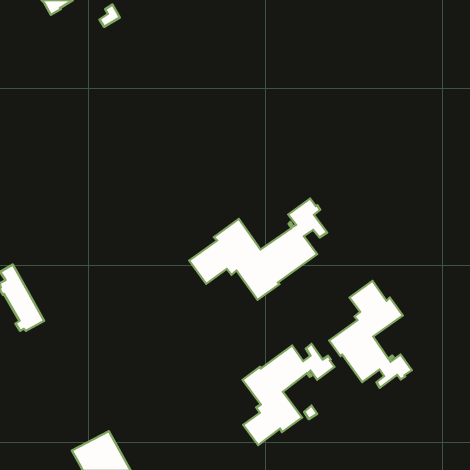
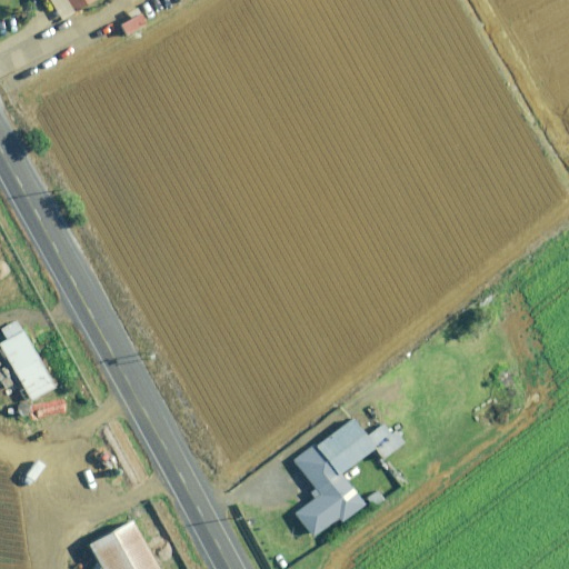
building: [189,199,327,300] -> none
building: [329,281,412,388] -> none

